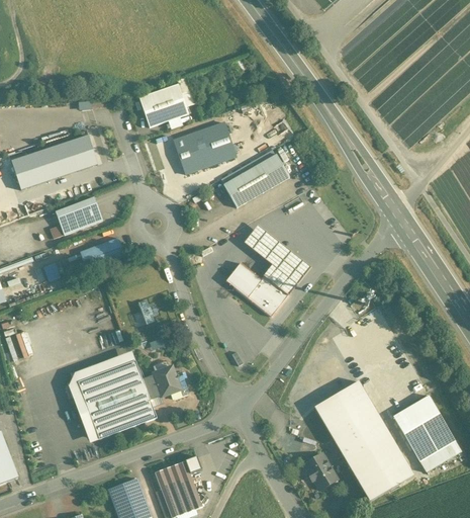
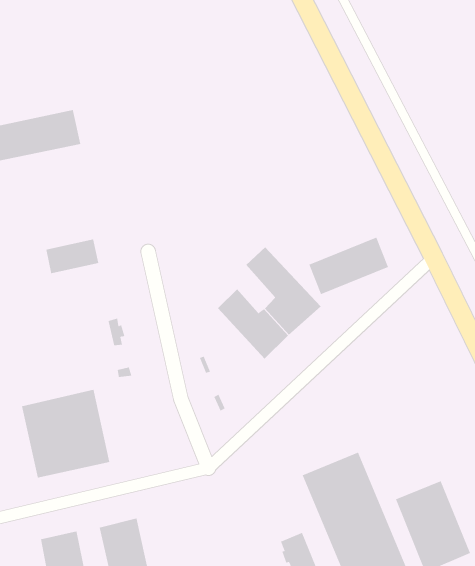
building: [138,84,188,127] -> none
building: [172,122,236,174] -> none
building: [223,154,289,207] -> [309,237,389,295]
building: [56,196,103,235] -> none
building: [69,351,135,443] -> none
building: [143,360,189,399] -> none

